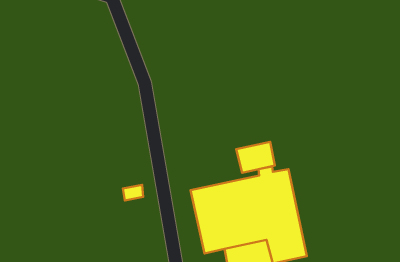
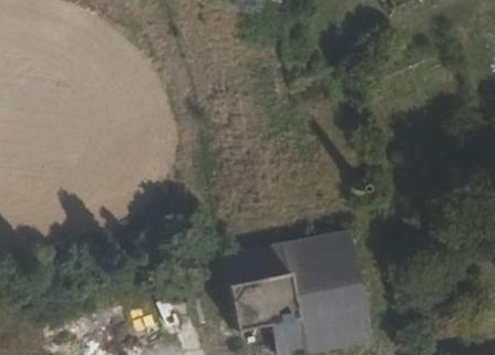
building: [236,142,275,173] -> none

